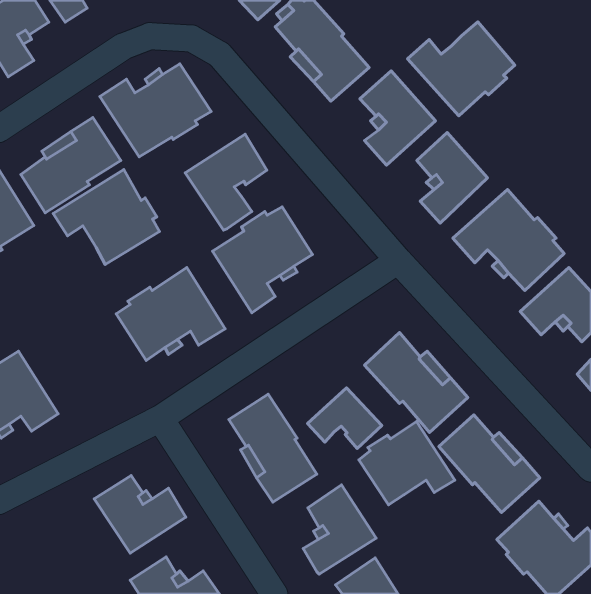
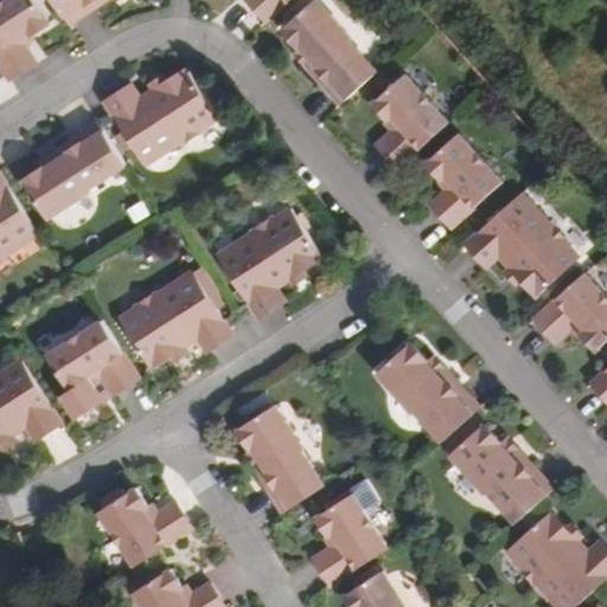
building: [407,22,515,116] -> none
building: [185,134,267,230] -> none
building: [53,170,160,264] -> none
building: none -> [46,319,136,415]
building: [308,388,382,448] -> none
building: [359,422,455,505] -> none

